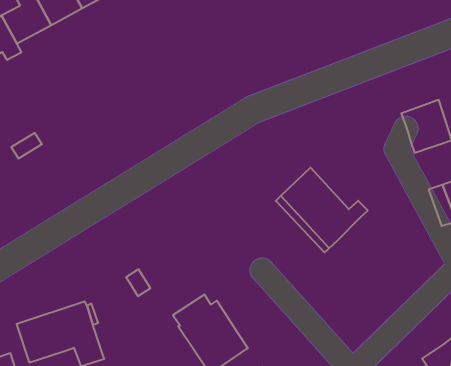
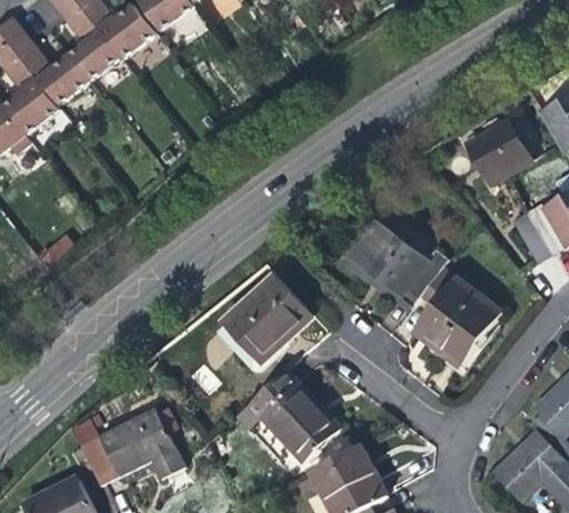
building: none -> [222,275,310,363]
building: none -> [410,263,499,361]

